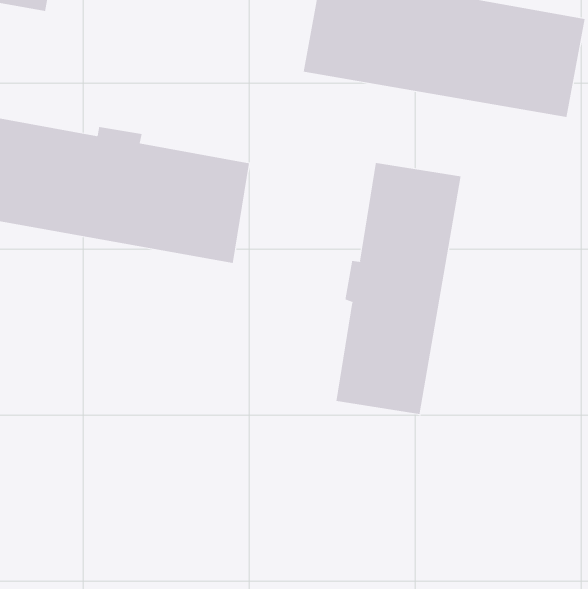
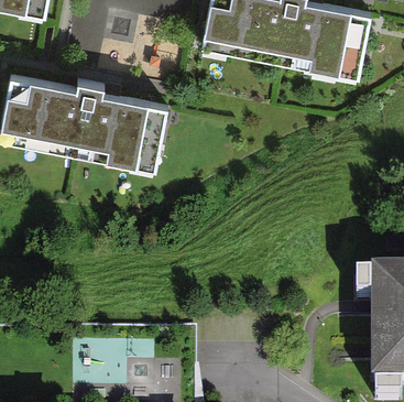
building: [336,162,461,415] -> none

